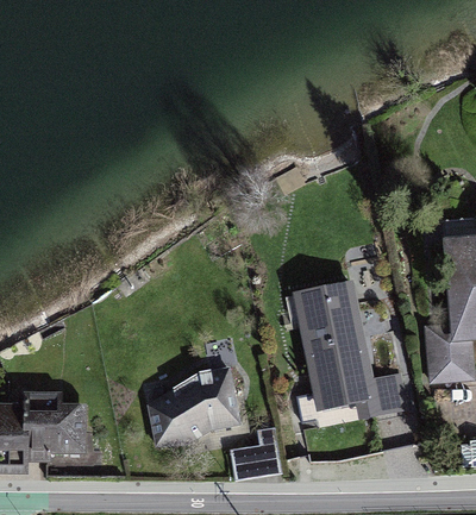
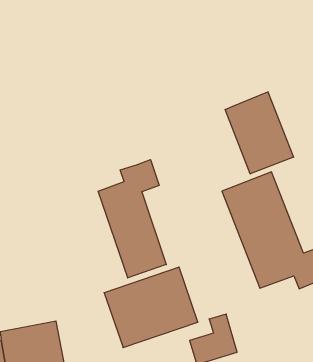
building: none -> [225,92,294,174]
building: none -> [98,160,166,278]

